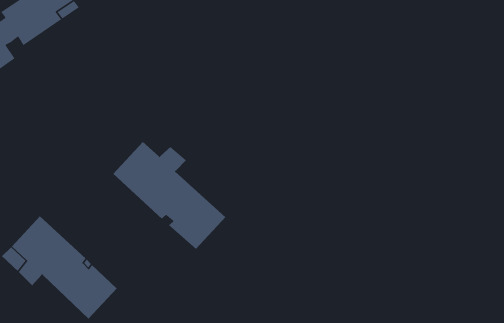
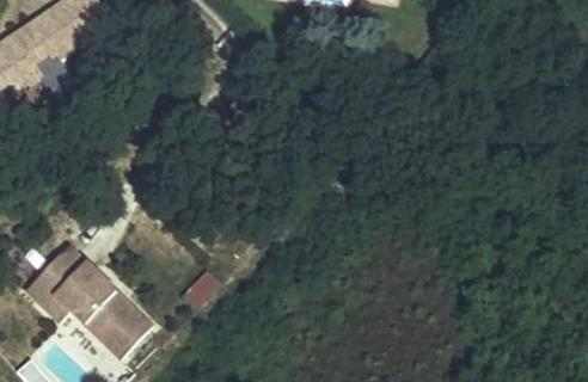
building: [112,141,226,250] -> none

